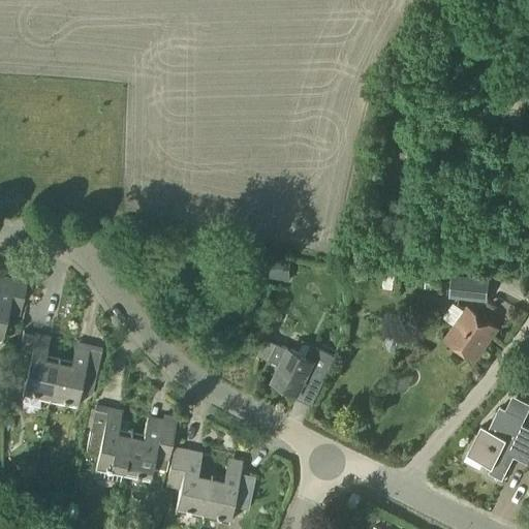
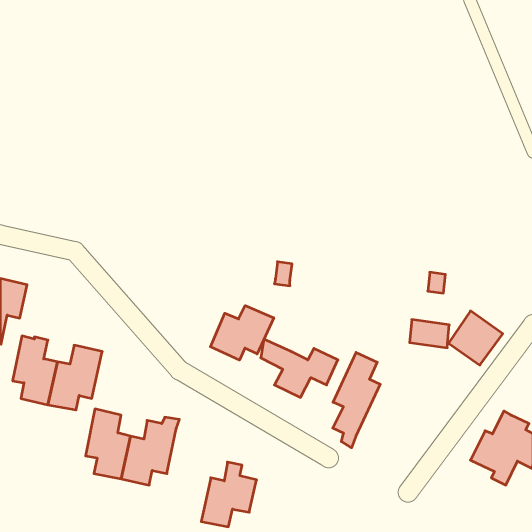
building: [450,274,490,302] -> [410,320,449,348]
building: none -> [210,306,274,360]
building: none -> [333,352,380,448]
building: [165,444,210,517] -> none

